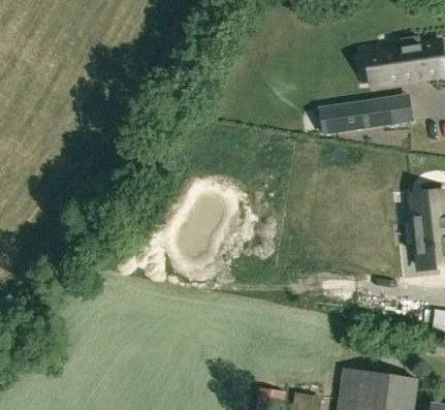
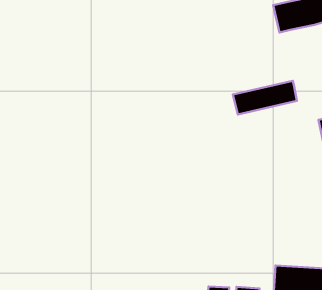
building: [319,96,396,132] -> [233,81,297,115]

